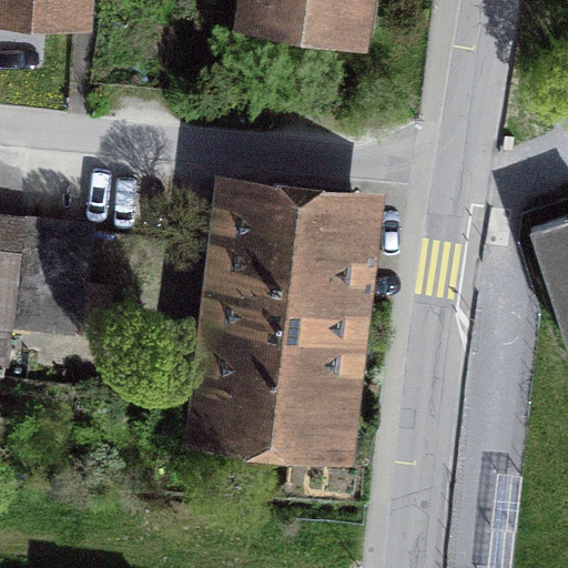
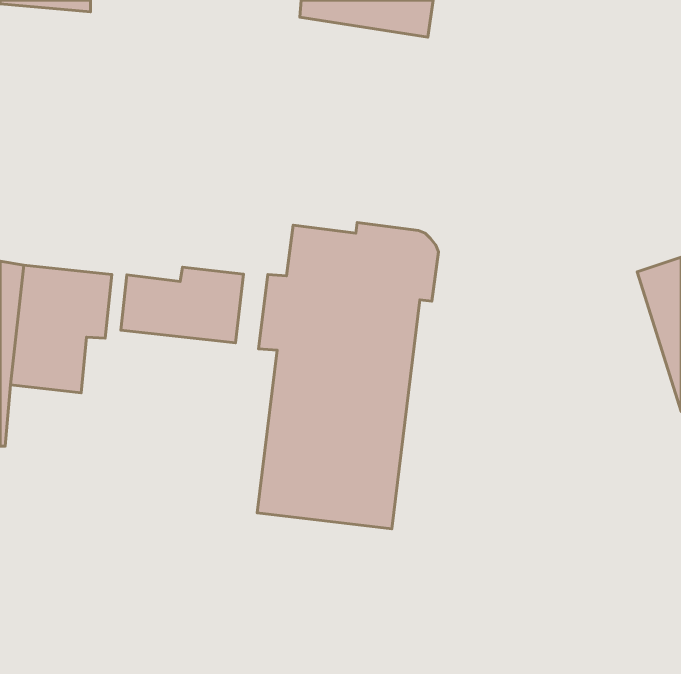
building: none -> [121,267,243,343]

